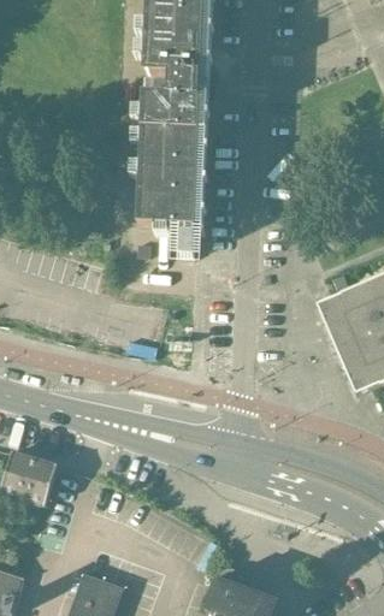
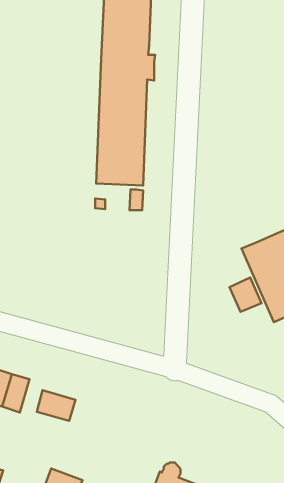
building: none -> [230,277,261,312]
building: none -> [37,390,76,421]

